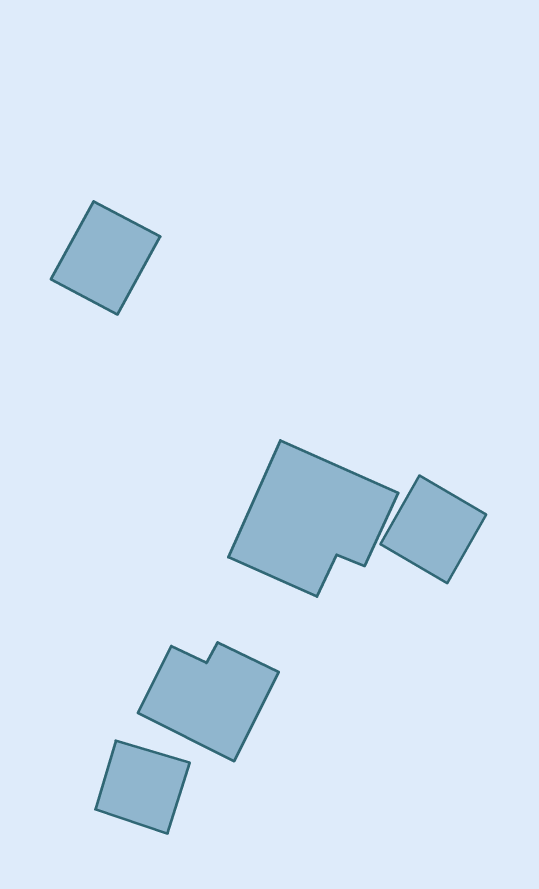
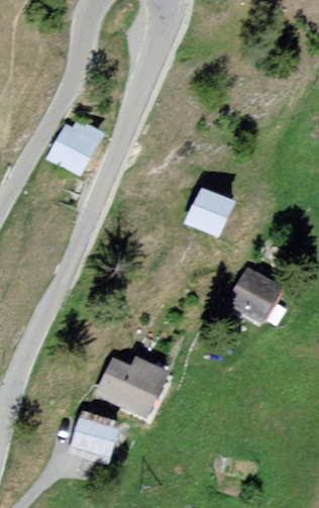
building: none -> [182,185,233,236]
building: [228,440,398,597] -> none

